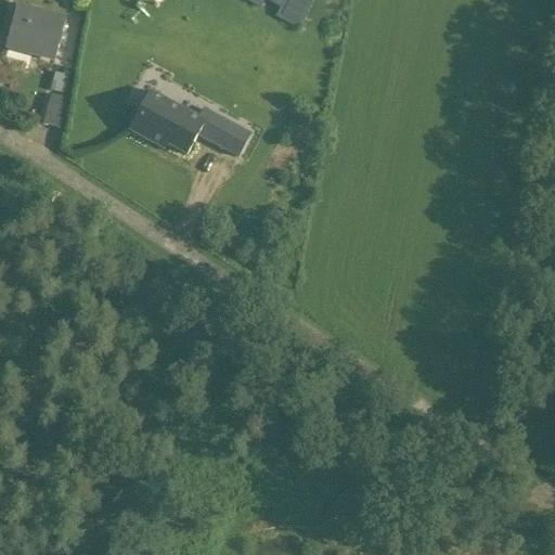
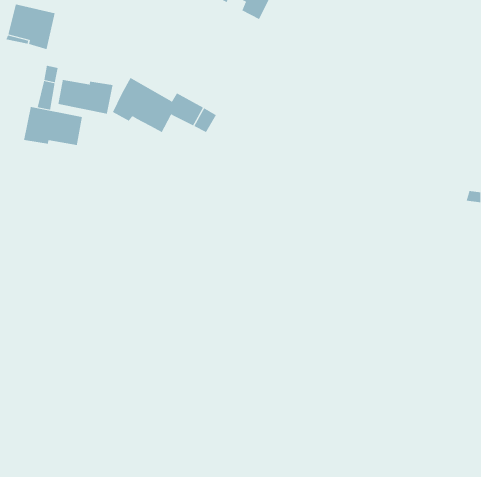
building: none -> [58,79,113,114]
building: none -> [23,106,83,146]

